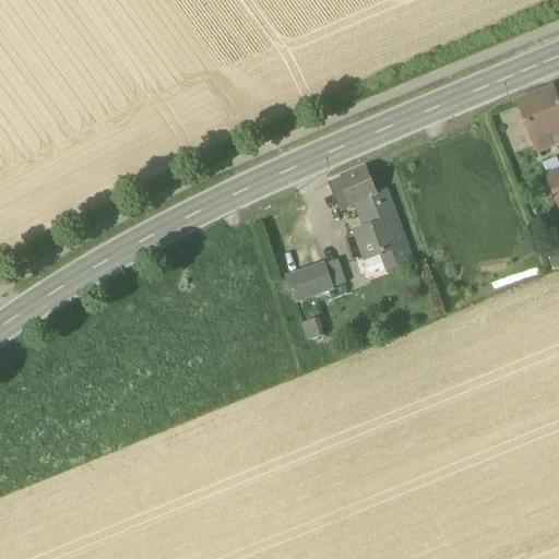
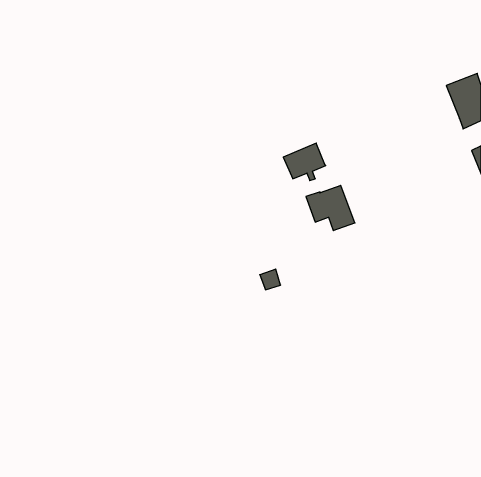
building: [362,188,395,224] -> none
building: [287,261,333,298] -> none

